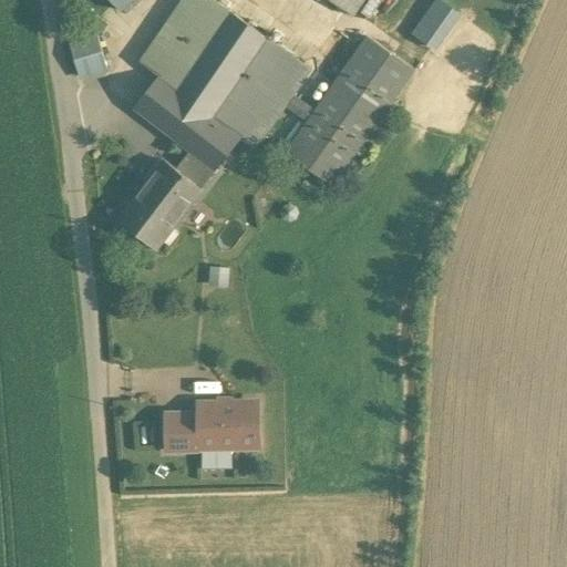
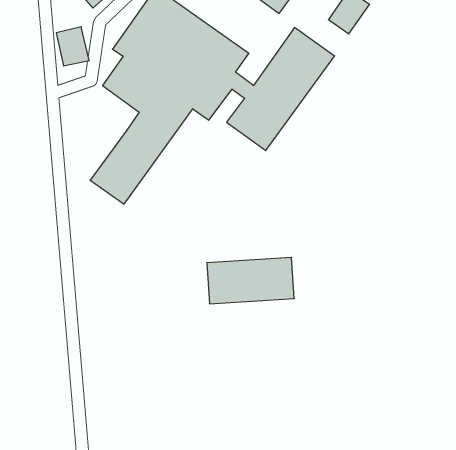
building: [154,398,262,455] -> [207,257,294,304]

